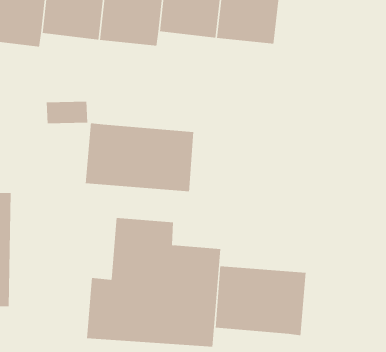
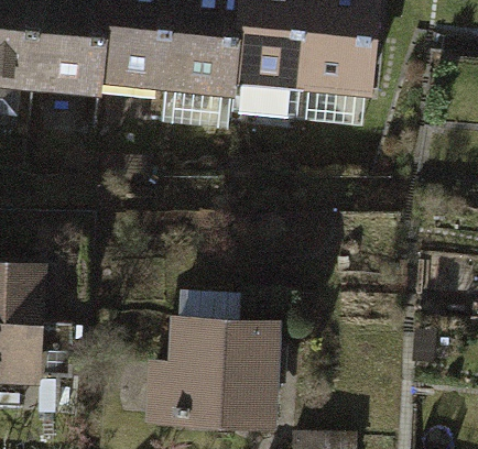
building: [85,122,194,192] -> none
building: [215,265,306,336] -> none

